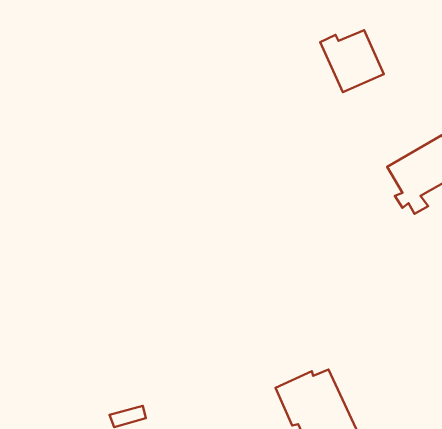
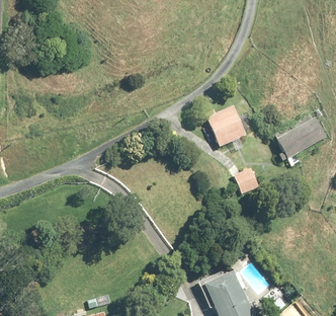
building: [320,30,384,92] -> [204,106,247,148]
building: none -> [234,169,259,195]

